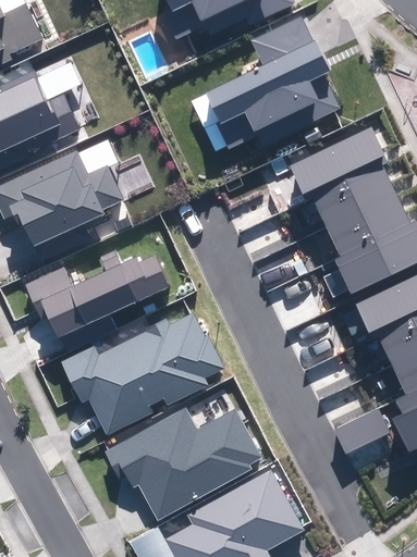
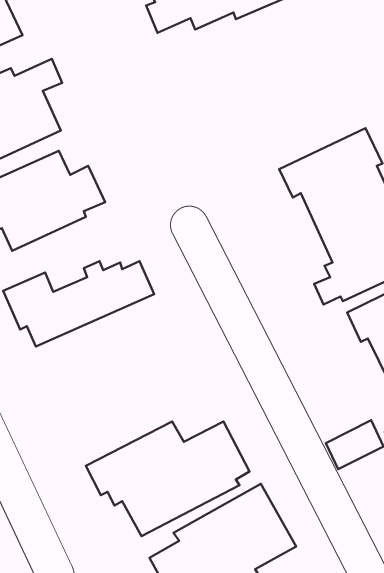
building: [191,17,340,149] -> none
building: [59,312,224,435] -> none

